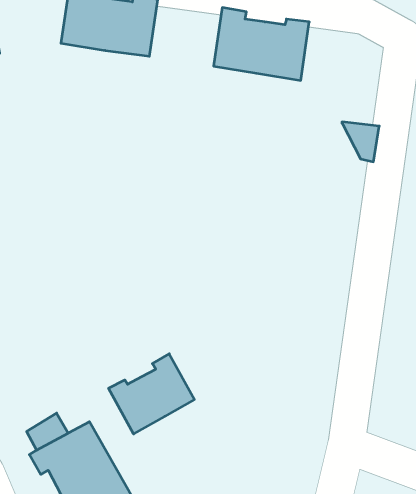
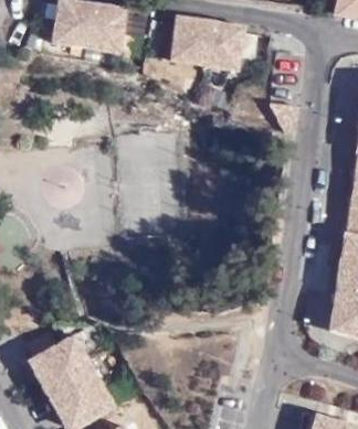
building: [109,354,194,434] -> none

